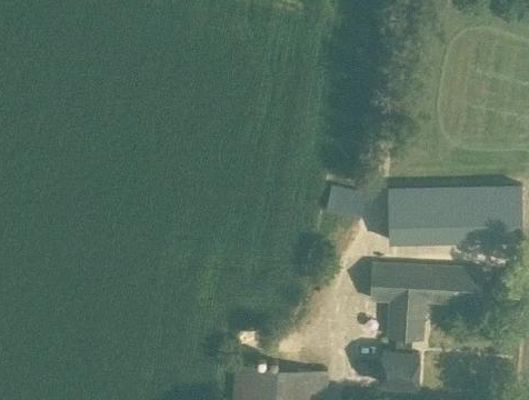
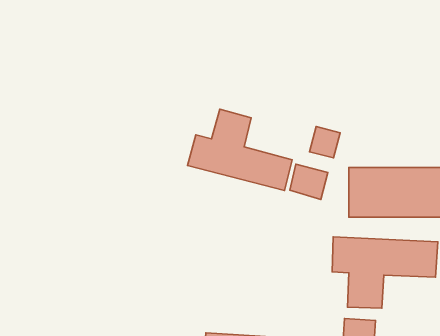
building: none -> [187,109,292,191]
building: none -> [310,127,340,158]

